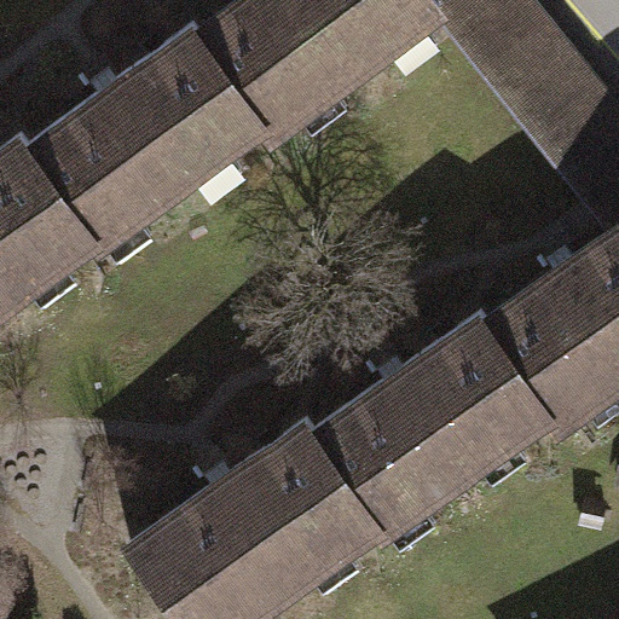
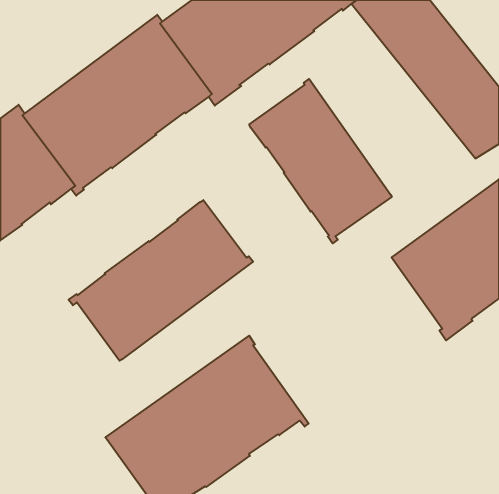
building: none -> [249,79,392,243]
building: none -> [69,200,253,361]
building: [313,314,548,531] -> none

